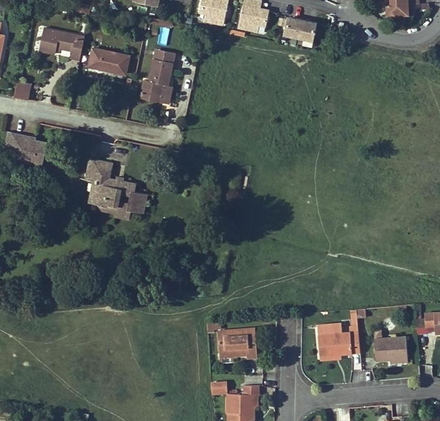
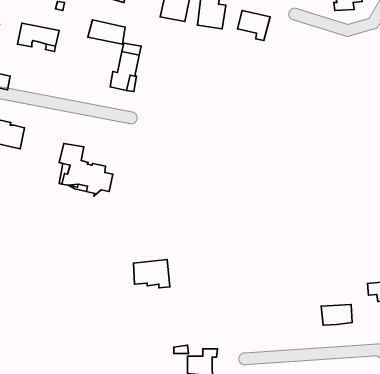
building: [88,48,129,75] -> [88,20,125,44]
building: [217,328,257,359] -> [133,260,170,288]
building: [317,332,359,356] -> none

